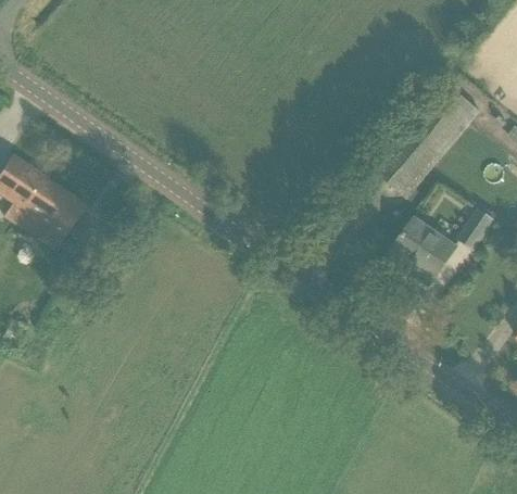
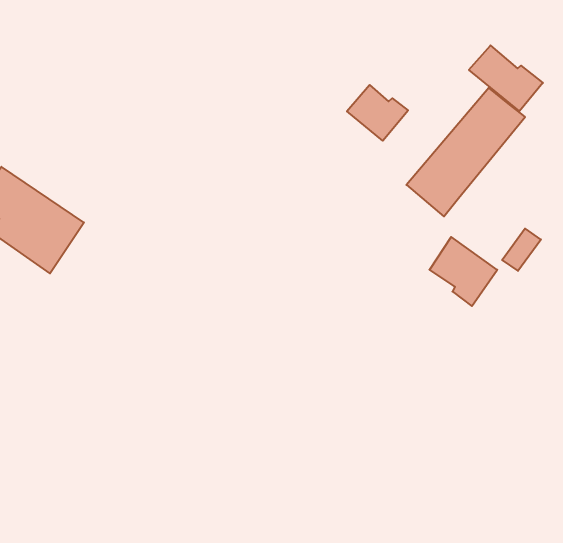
building: none -> [469,45,543,111]
building: none -> [347,85,408,141]

